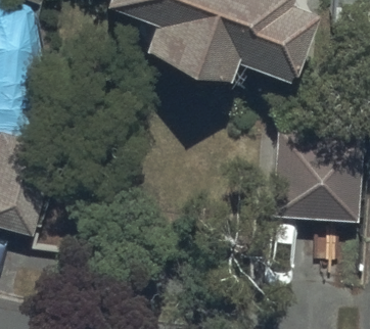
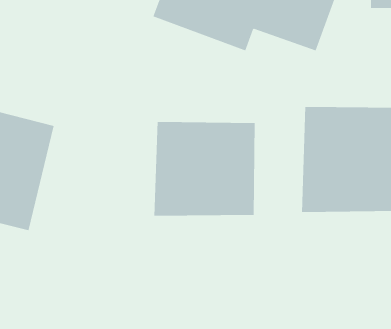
building: none -> [154,121,255,216]

